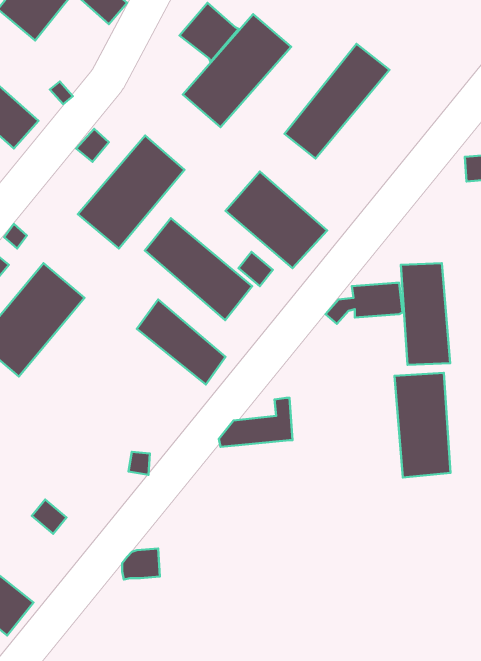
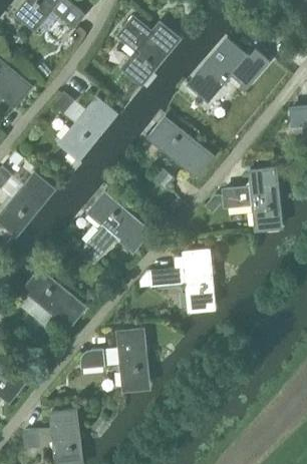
building: none -> [232,48,269,88]
building: [145,218,252,320] -> none
building: none -> [80,222,116,261]
building: [395,373,450,478] -> [185,250,219,314]
building: none -> [17,270,84,333]
building: none -> [115,335,150,399]

